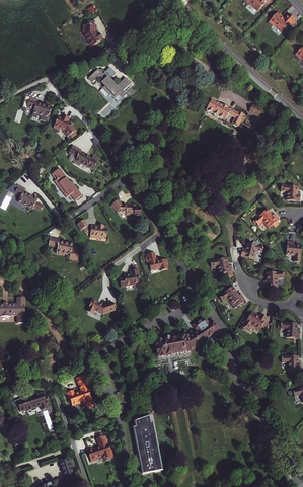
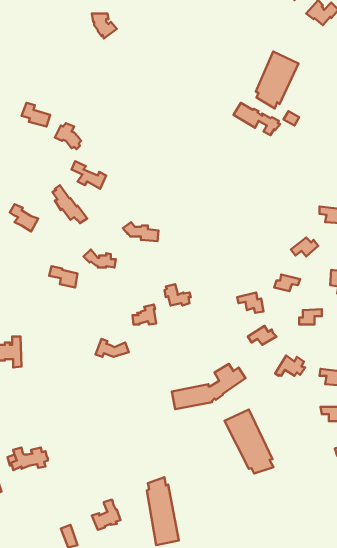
building: none -> [256,51,299,108]
building: [89,67,132,102] -> none
building: none -> [224,410,273,473]
building: [66,376,92,405] -> none

